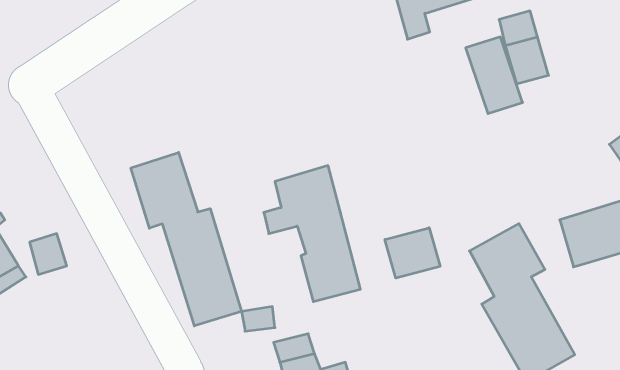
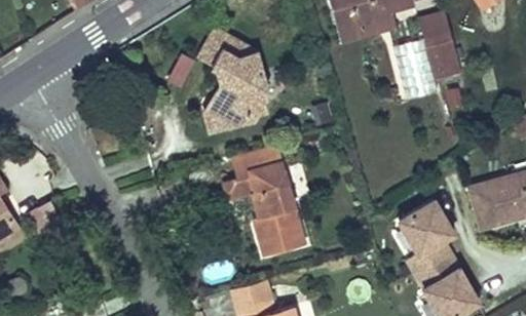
building: none -> [200,32,266,131]
building: [131,152,241,326] -> none
building: [385,228,440,278] -> none

